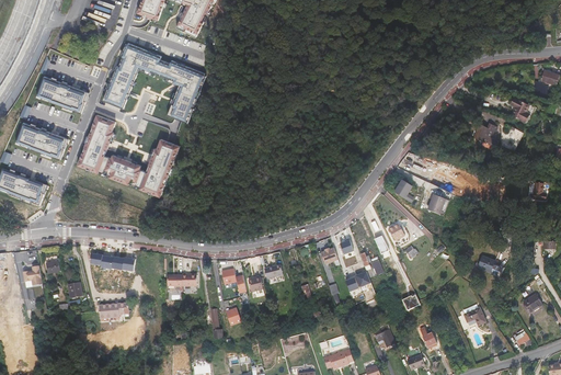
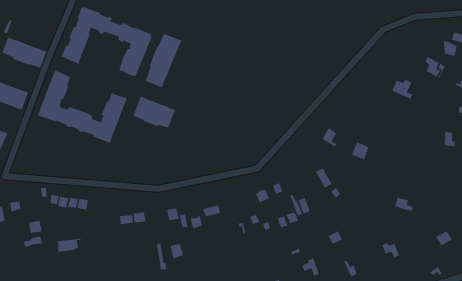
building: none -> [145,33,183,89]
building: none -> [132,95,176,128]

